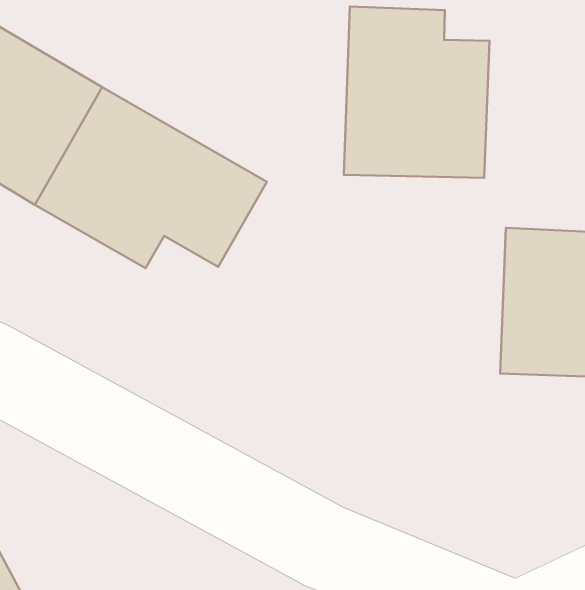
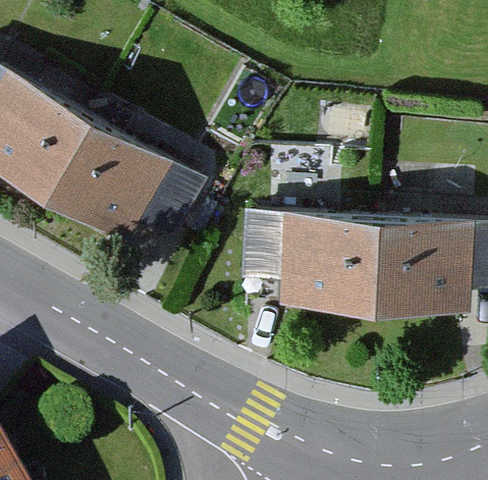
building: [344,7,489,178] -> none
building: none -> [237,192,386,307]

